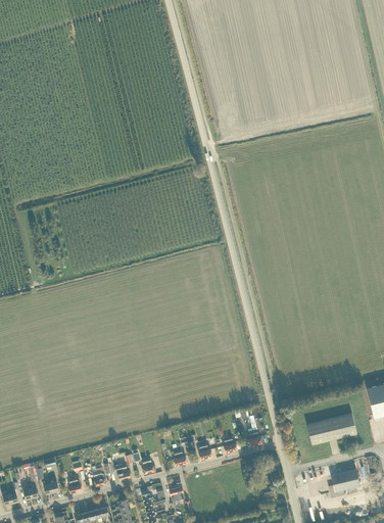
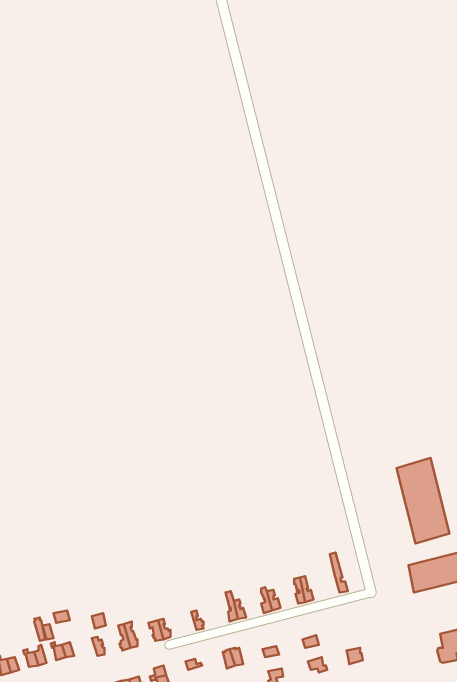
building: none -> [397,458,449,544]

